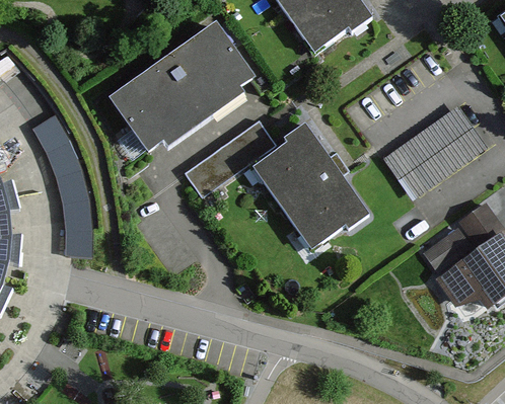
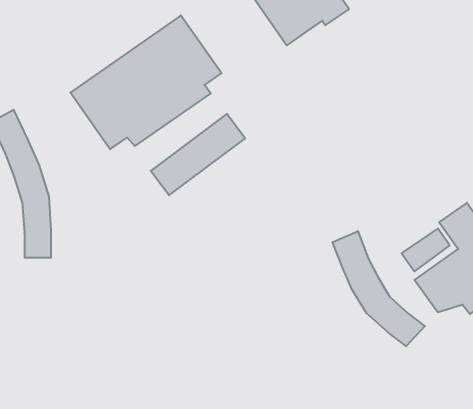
building: [384,106,486,197] -> none
building: [252,123,369,249] -> none
building: none -> [333,231,425,346]

